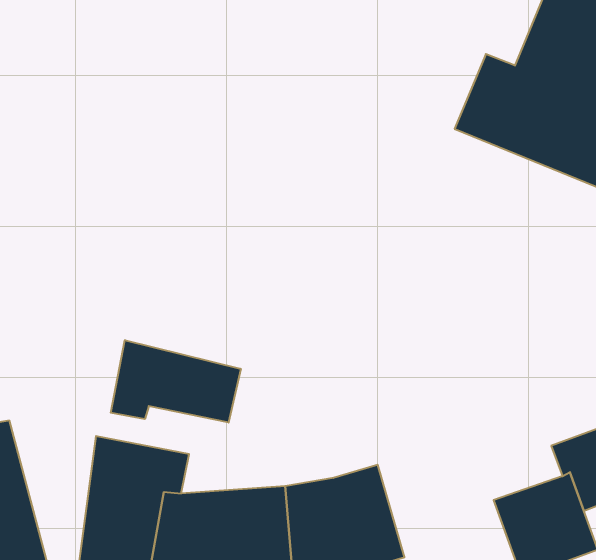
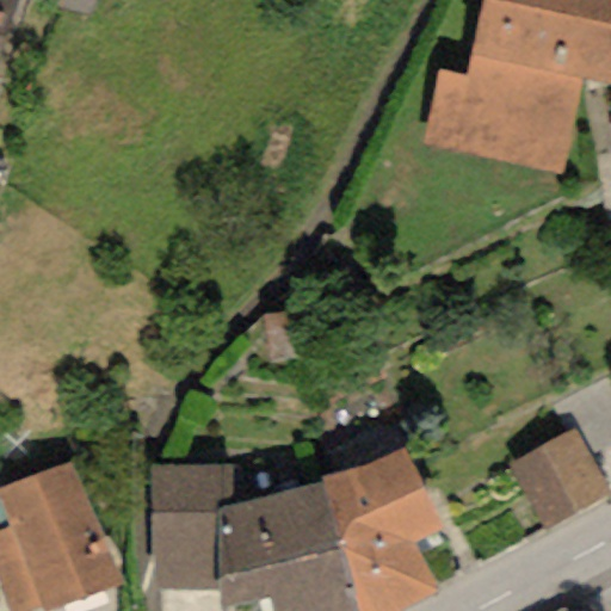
building: [111,340,241,423] -> none

